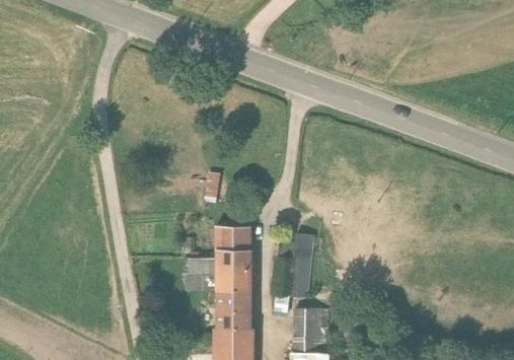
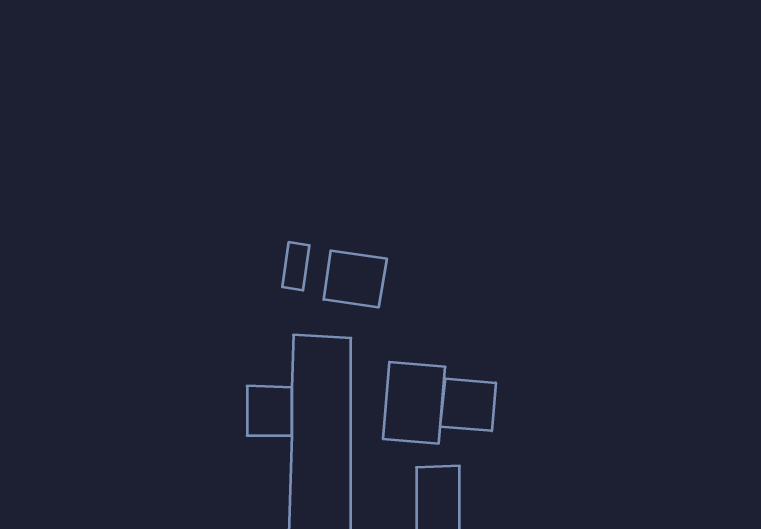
building: none -> [324,251,387,307]
building: none -> [440,379,496,431]

